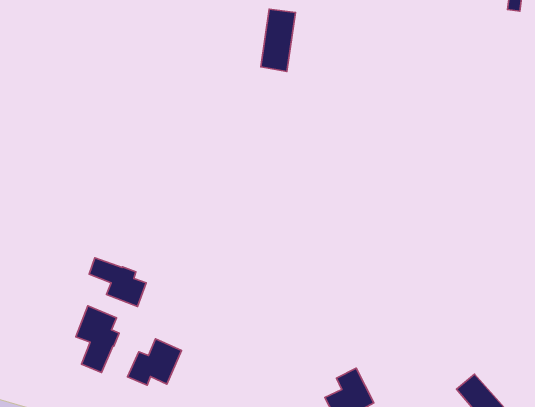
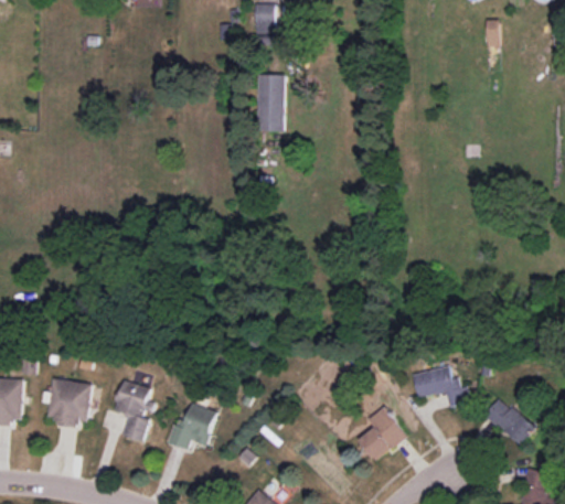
building: [89,258,146,307] -> none
building: none -> [46,378,92,428]
building: none -> [412,366,470,408]

